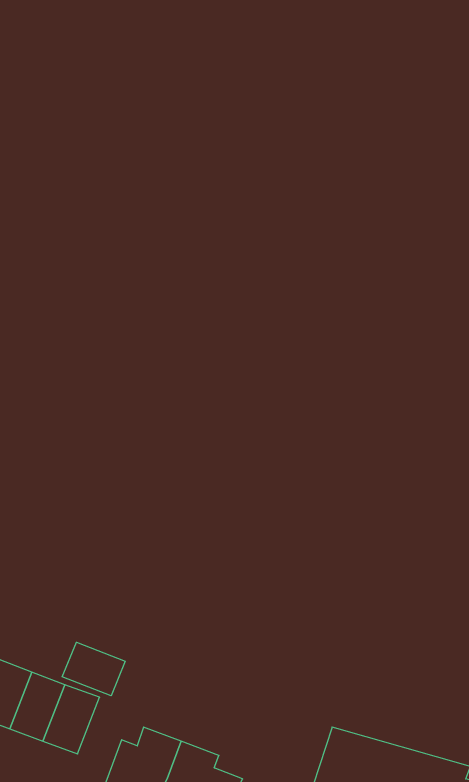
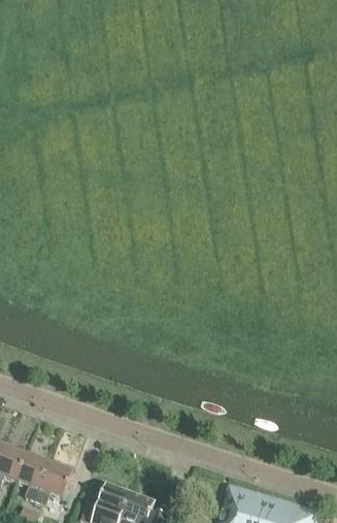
building: [62,642,125,696] -> none

